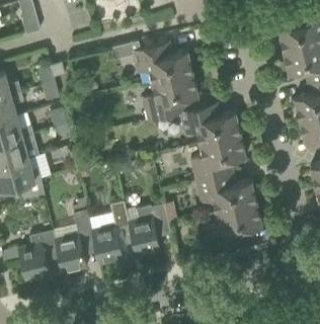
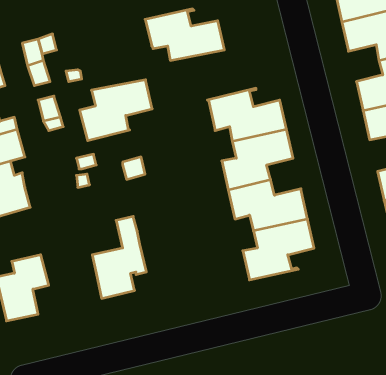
building: [142,73,197,119] -> [80,80,152,141]
building: [128,202,168,255] -> none
building: [52,210,94,272] -> none

